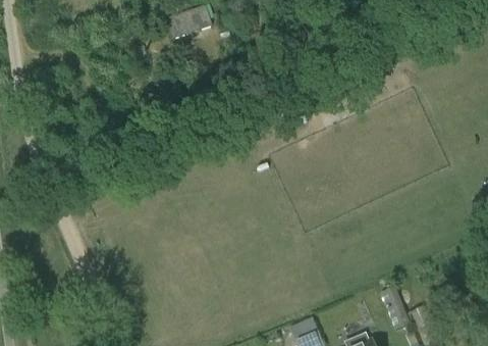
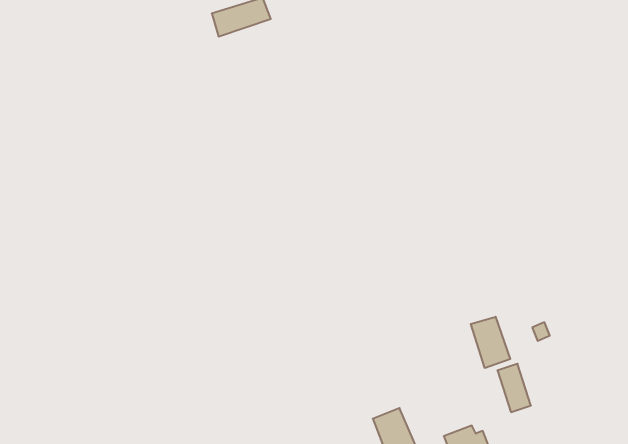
building: none -> [471,317,510,368]

